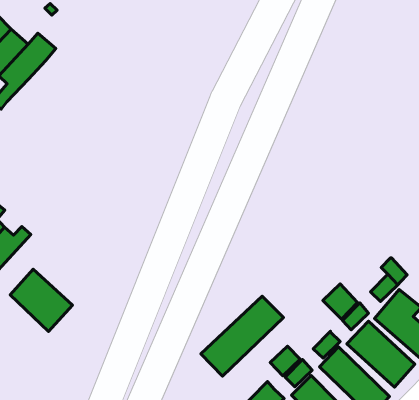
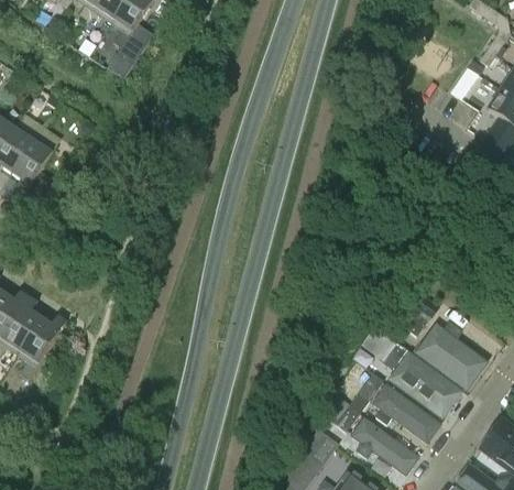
building: [10,269,73,332] -> none
building: [201,296,284,376] -> none

